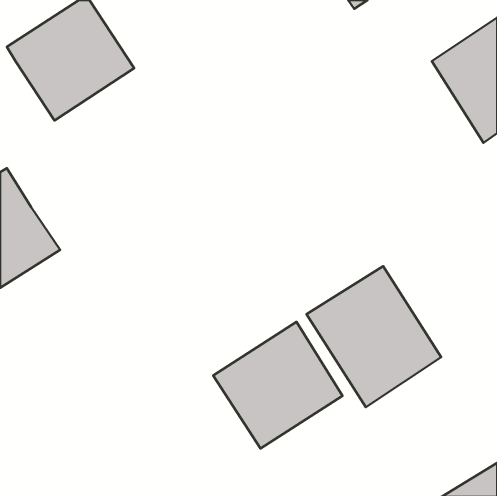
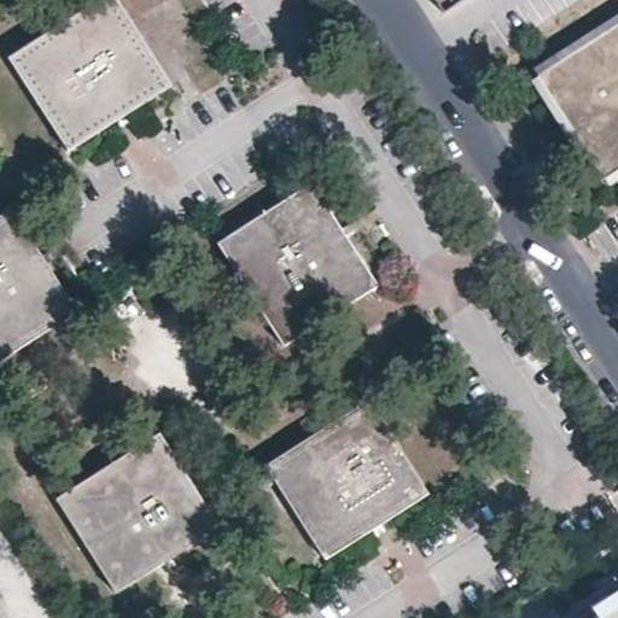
building: none -> [216,183,374,344]
building: [306,266,441,407] -> none
building: none -> [54,435,216,591]

